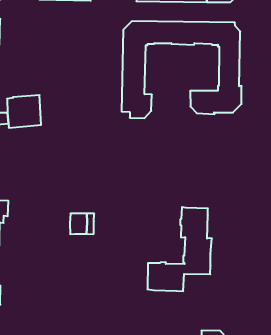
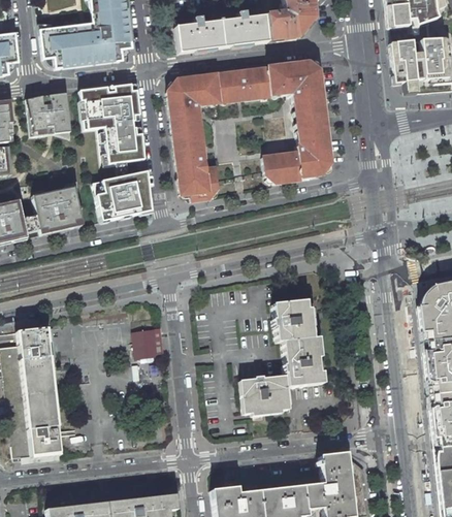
building: none -> [27,92,71,135]
building: none -> [82,84,146,163]
building: none -> [93,171,151,221]

